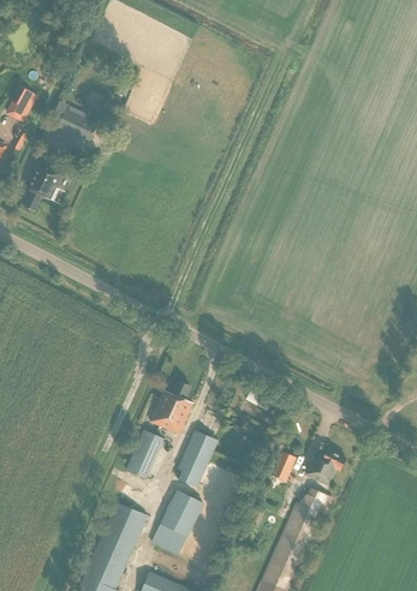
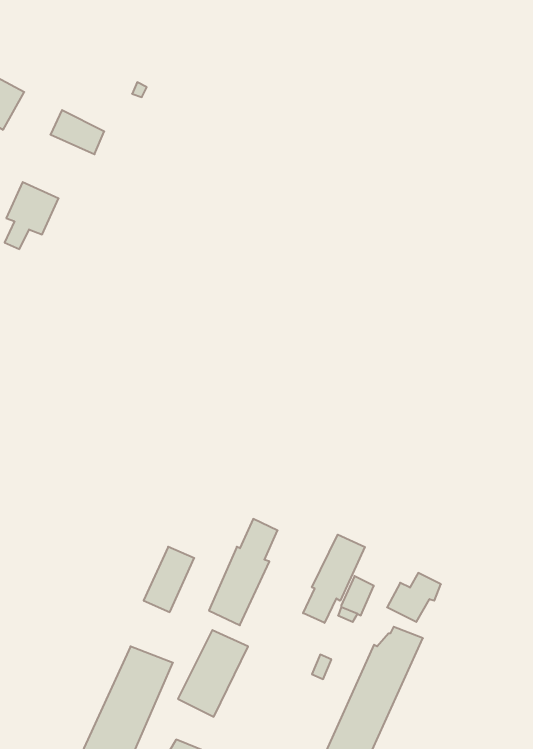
building: [149,382,192,435] -> none
building: none -> [303,535,365,623]

